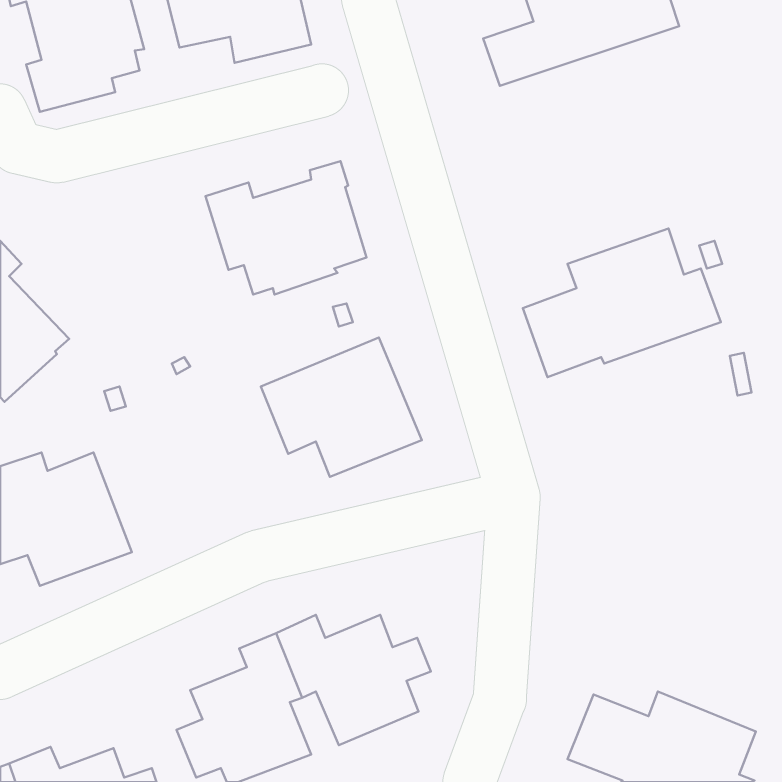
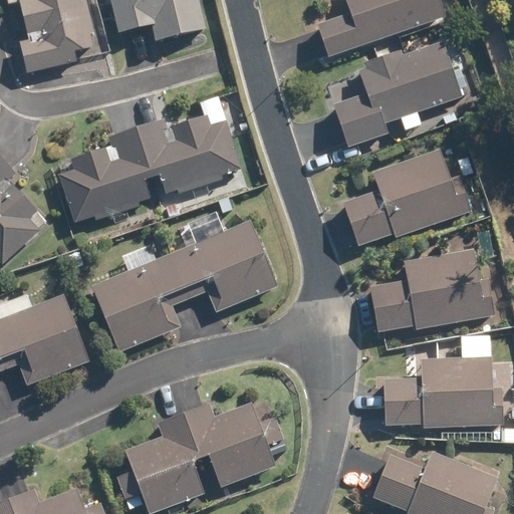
building: none -> [334,42,461,149]
building: none -> [60,128,151,220]
building: none -> [370,243,495,332]
building: none -> [93,253,190,351]
building: none -> [383,356,503,429]

